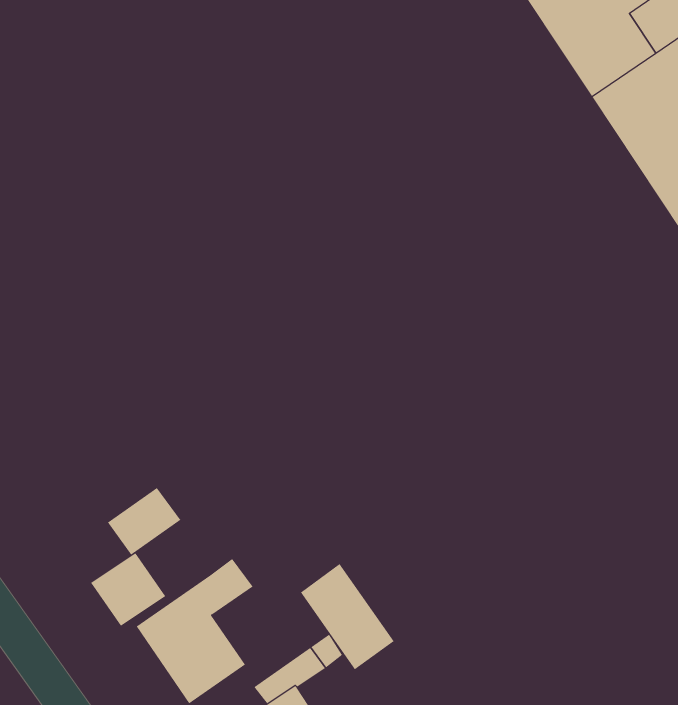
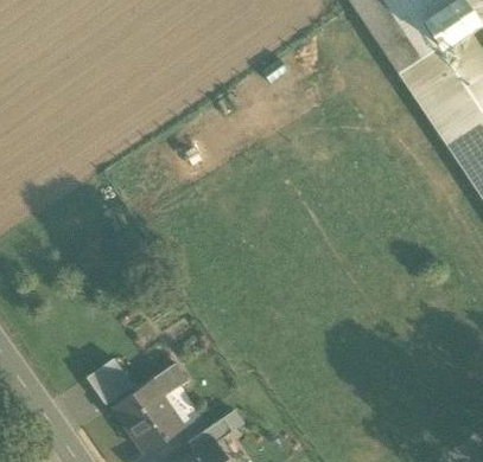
building: [107,487,181,555] -> none
building: [300,563,394,670] -> none

